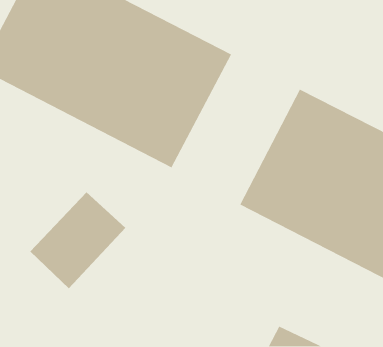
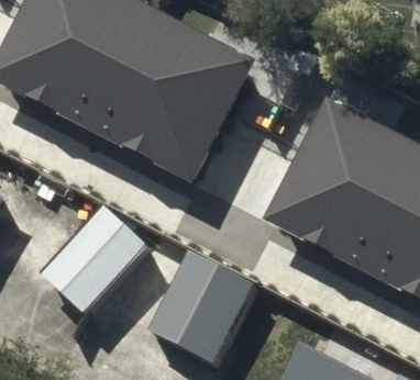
building: none -> [150,249,257,362]

